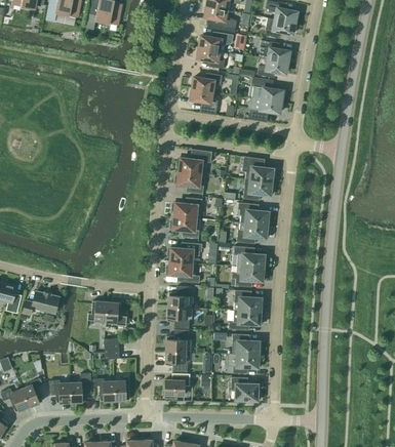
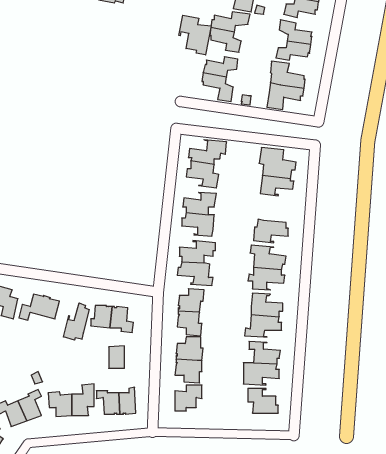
building: none -> [179,15,211,55]
building: [238,203,271,226] -> none
building: none -> [63,303,89,340]

